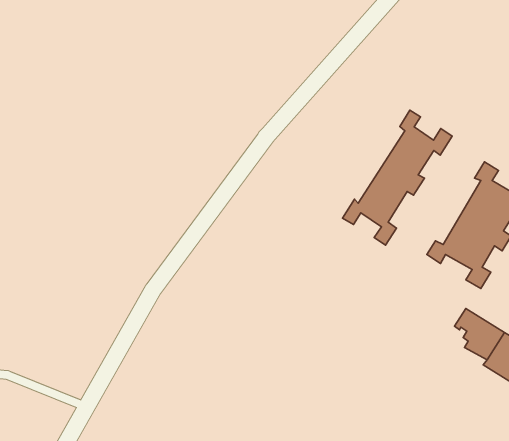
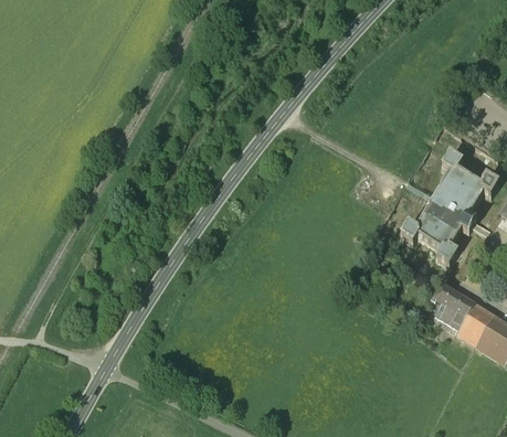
building: [343,110,452,245] -> none

